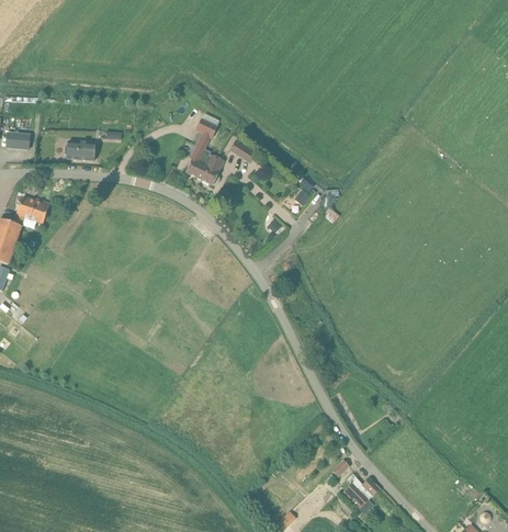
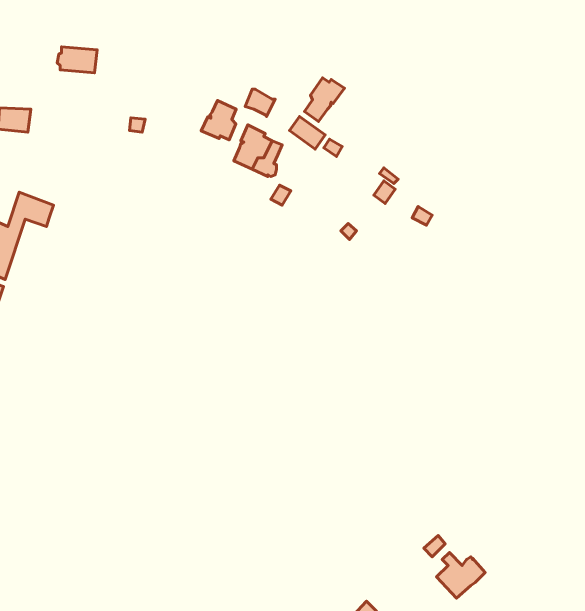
building: none -> [305,78,344,122]
building: none -> [201,100,236,140]
building: [64,140,94,160] -> [57,47,97,73]

